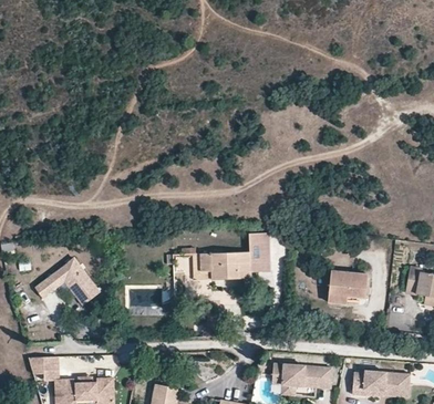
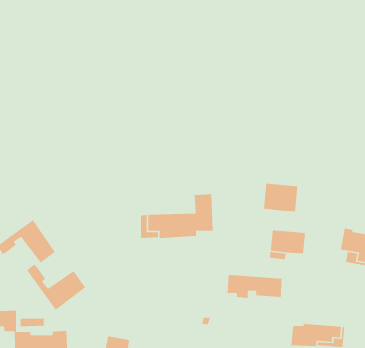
building: none -> [263,183,298,212]
building: none -> [26,263,86,311]
building: [271,363,331,390] -> [227,274,282,299]

